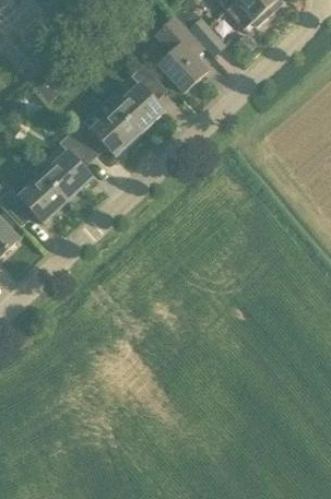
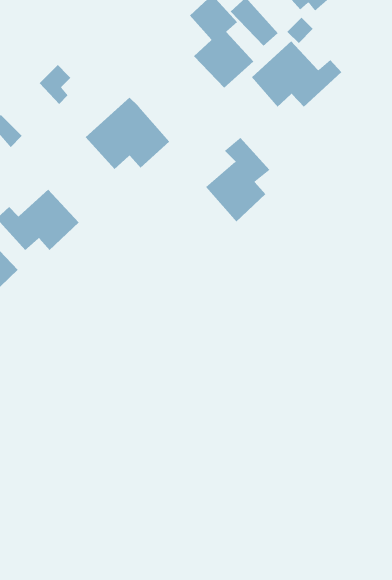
building: none -> [251,41,342,108]
building: [115,67,167,135] -> [205,137,270,222]
building: [42,132,95,201] -> none

